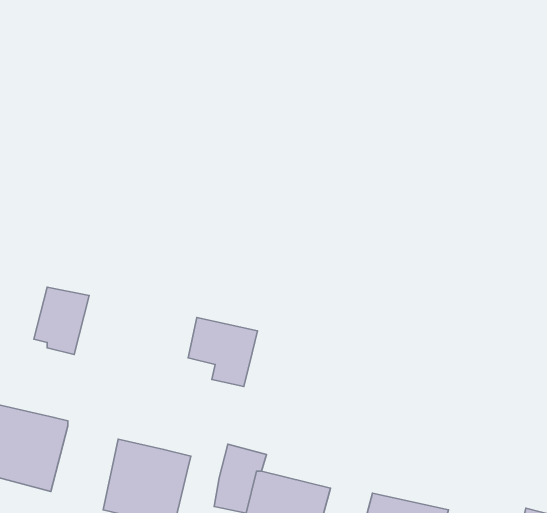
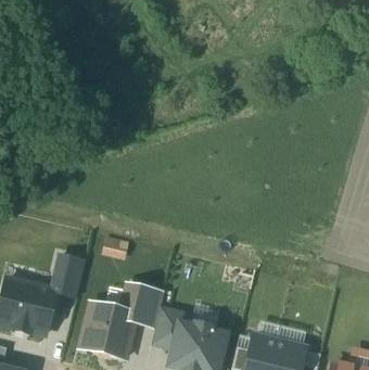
building: [34,287,89,354] -> [49,253,85,296]
building: [188,317,257,386] -> [119,281,164,326]

